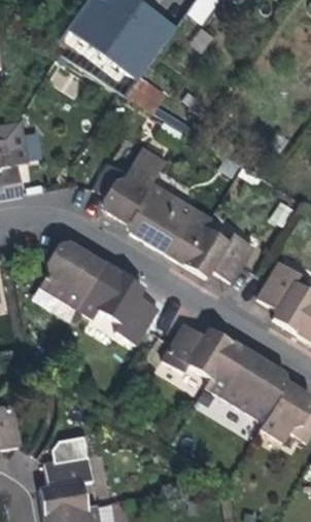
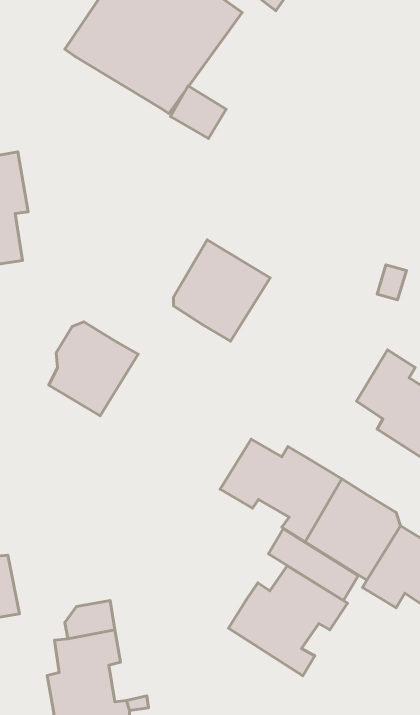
building: [95,162,157,223] -> none
building: [170,210,254,280] -> none
building: [78,264,159,343] -> none
building: none -> [229,566,347,676]

